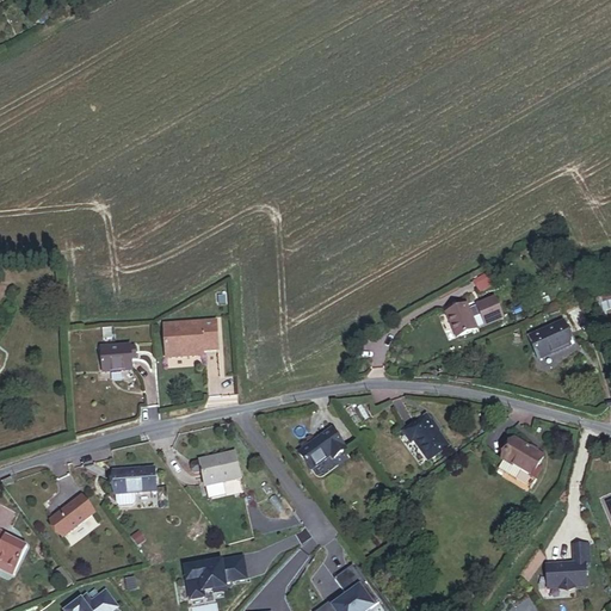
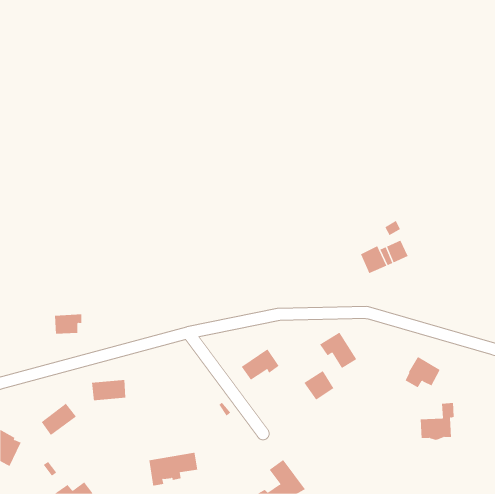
building: [162,319,217,356] -> none
building: [530,321,570,357] -> none
building: [101,345,136,370] -> [54,314,82,334]
building: [199,451,240,485] -> none
building: none -> [304,370,334,400]
building: [543,544,586,591] -> [420,403,455,440]

